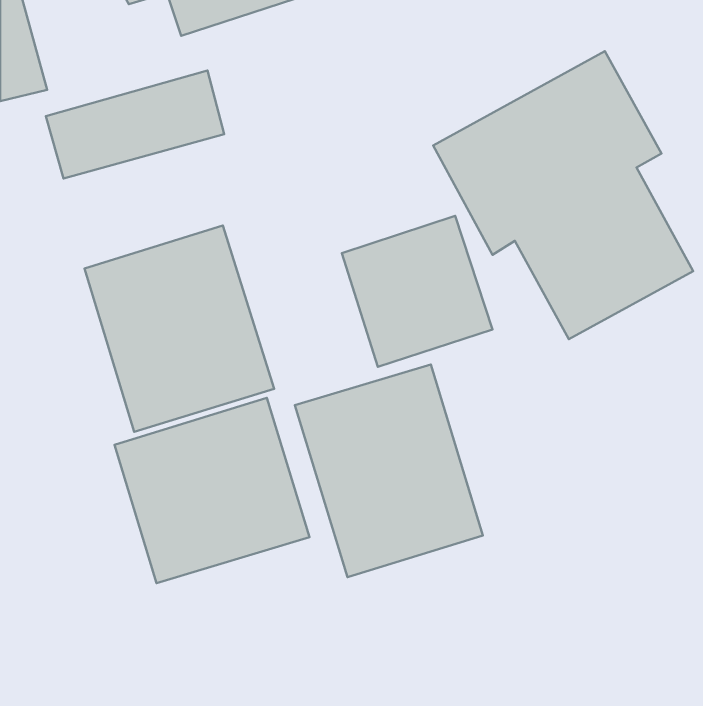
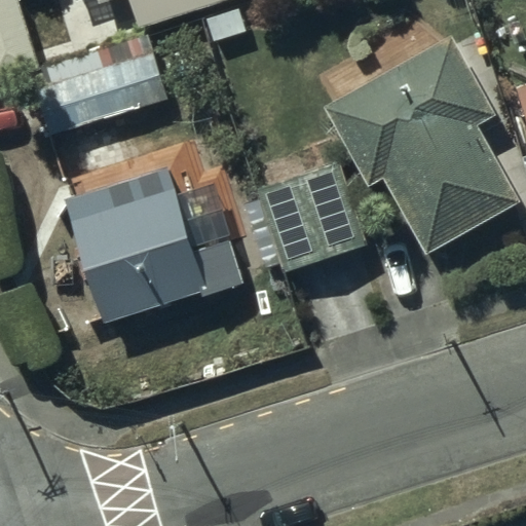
building: [295,365,483,577] -> none
building: [114,398,310,583] -> none

